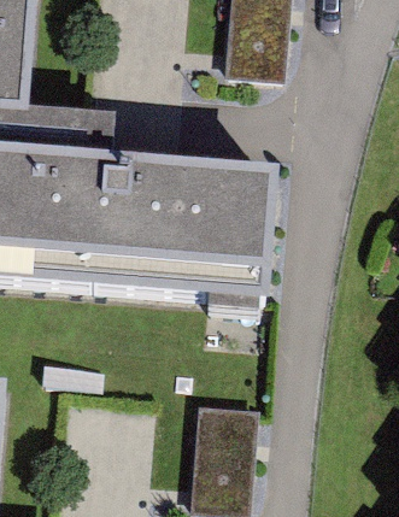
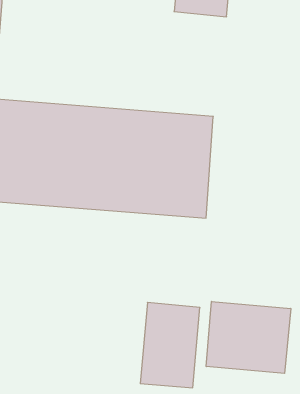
building: none -> [206,301,291,373]

